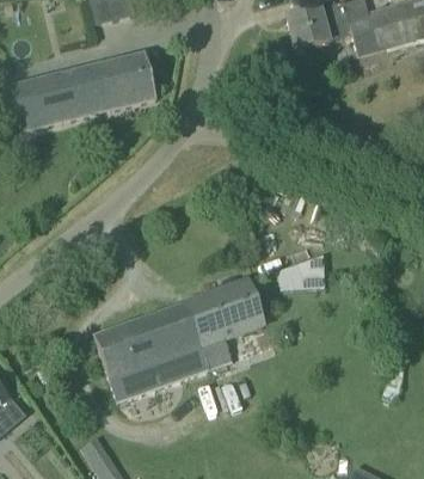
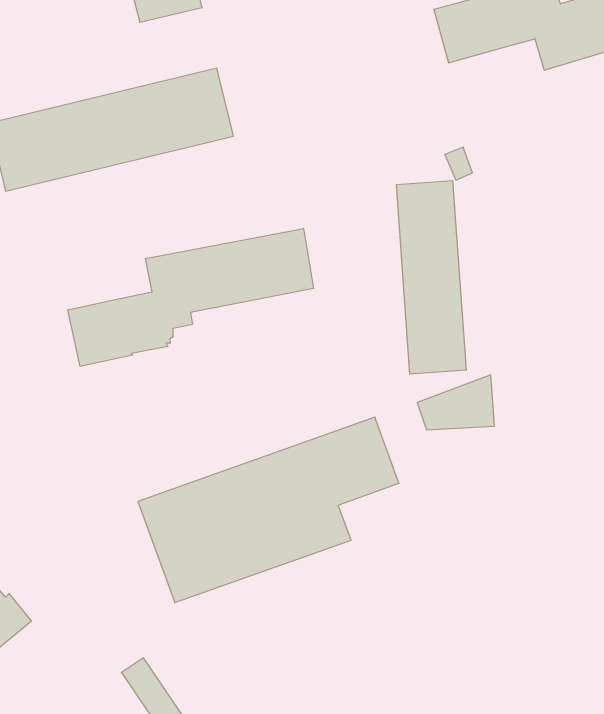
building: none -> [396,181,466,374]
building: none -> [68,228,313,366]

